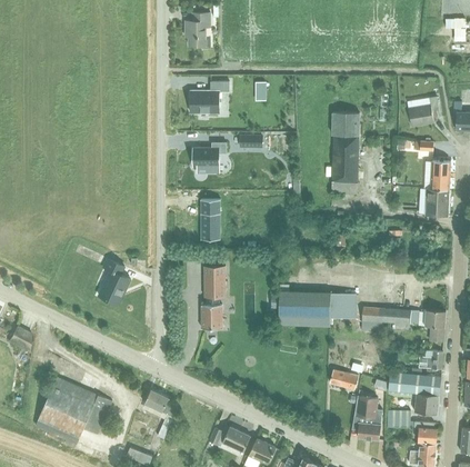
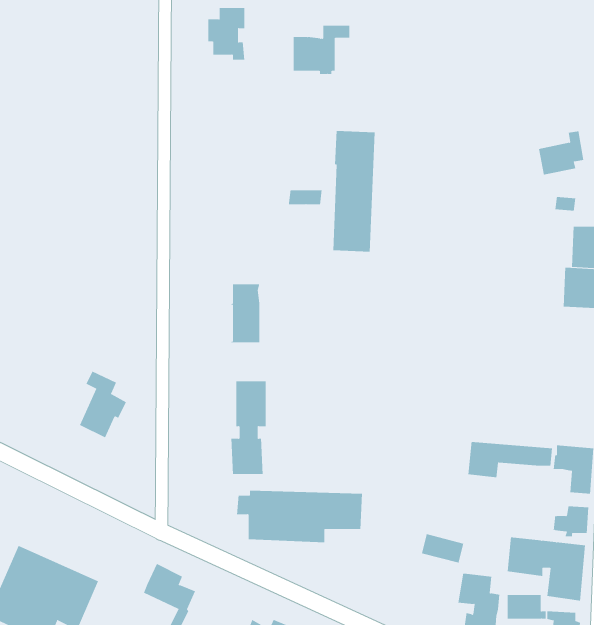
building: [190,82,229,116] -> [293,25,350,74]
building: [332,112,361,195] -> [333,130,375,252]
building: [192,143,226,173] -> none
building: [270,291,356,327] -> [236,490,363,543]

